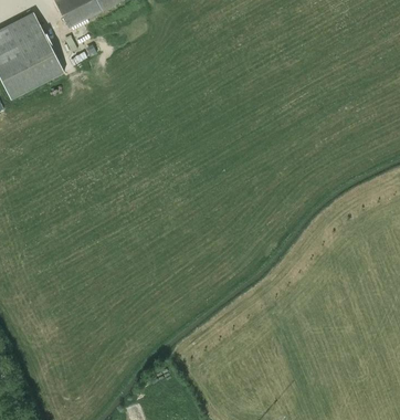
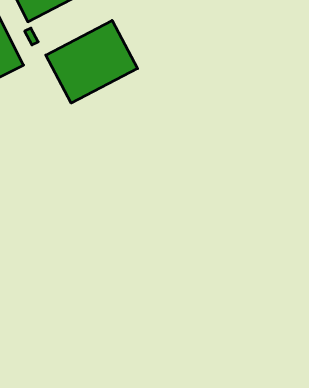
building: none -> [46,20,138,103]

